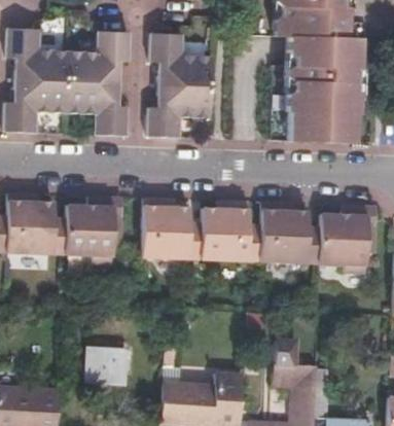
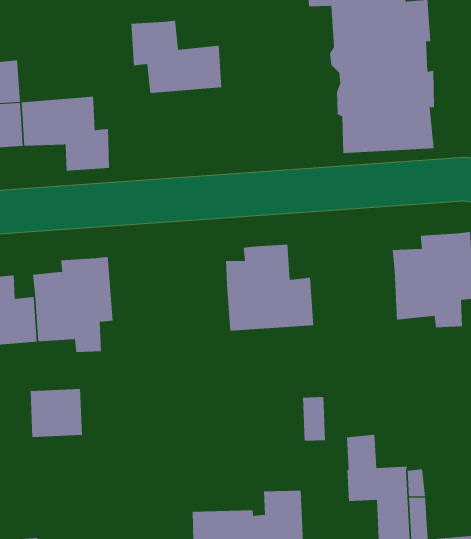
building: [70,33,132,83] -> none
building: [149,85,212,137] -> none
building: [141,198,201,257] -> none
building: [259,201,319,261] -> none
building: [80,345,118,380] -> [30,388,83,438]

